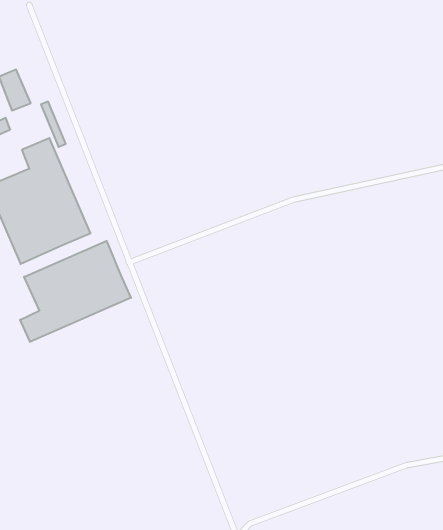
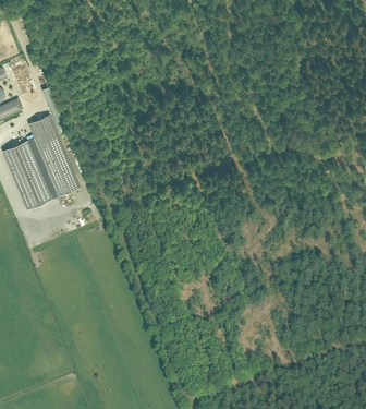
building: [20,241,131,342] -> none

